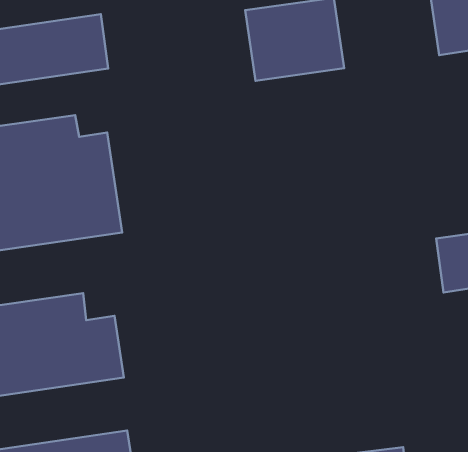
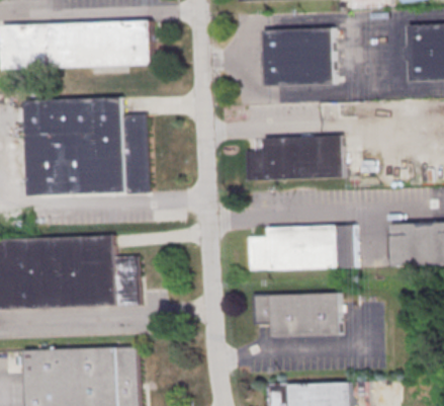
building: none -> [244,135,343,179]
building: none -> [246,226,356,271]
building: none -> [251,294,338,339]

